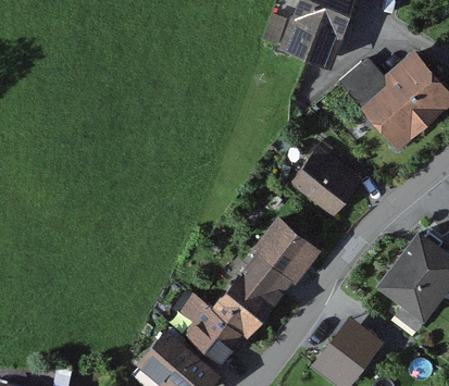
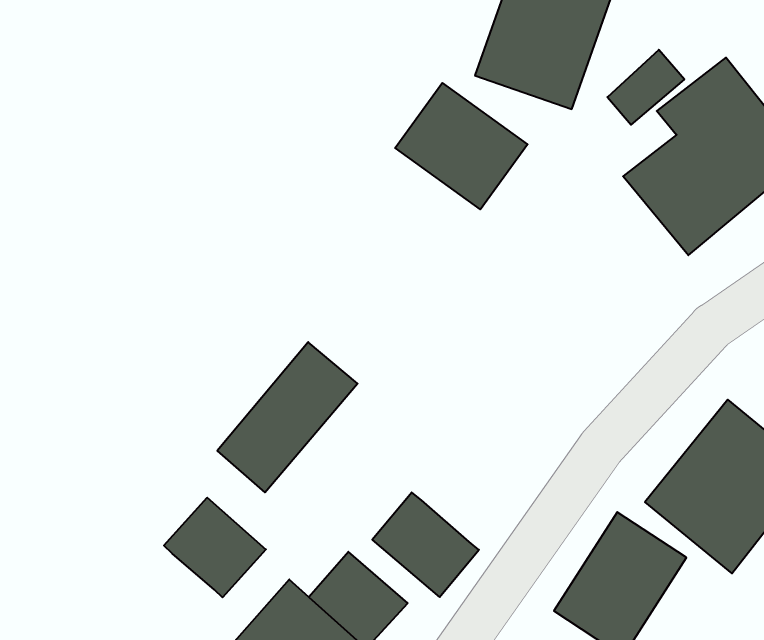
building: [284,144,357,213] -> [395,83,528,209]
building: [244,226,321,309] -> [217,342,358,492]
building: none -> [164,498,266,597]

